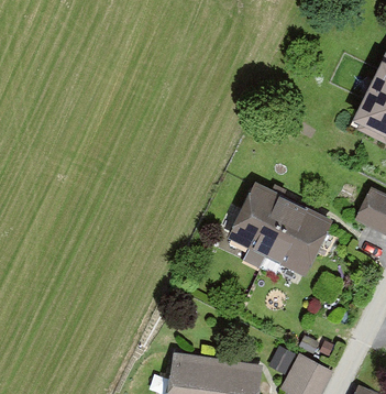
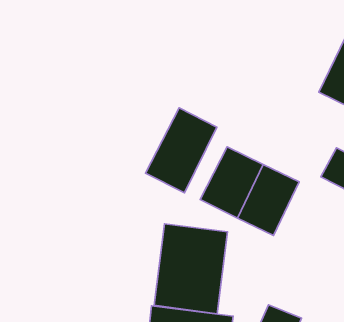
building: none -> [145,108,217,193]
building: none -> [154,224,228,314]

